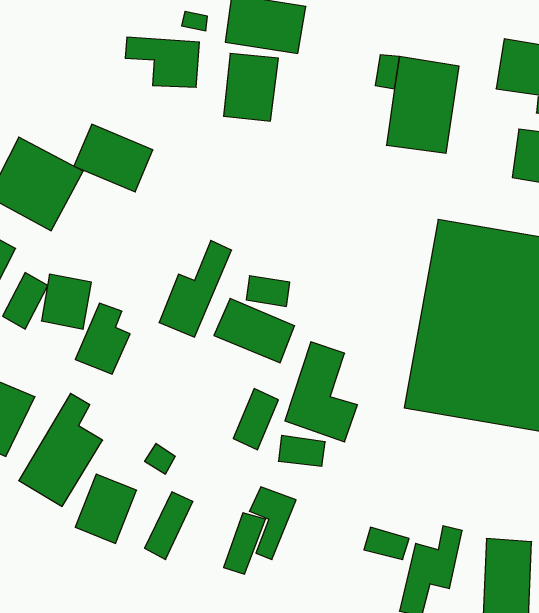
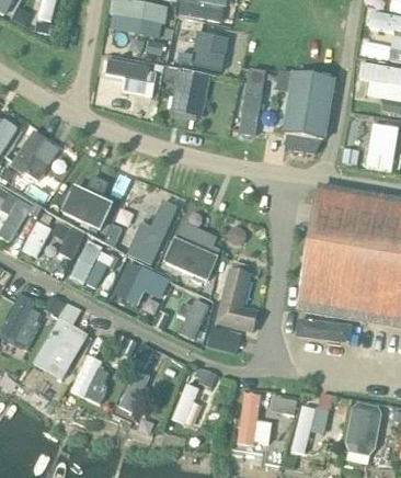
building: none -> [239,69,264,135]
building: [74,124,153,192] -> [60,185,114,231]
building: none -> [116,263,158,301]
building: none -> [238,392,271,447]

